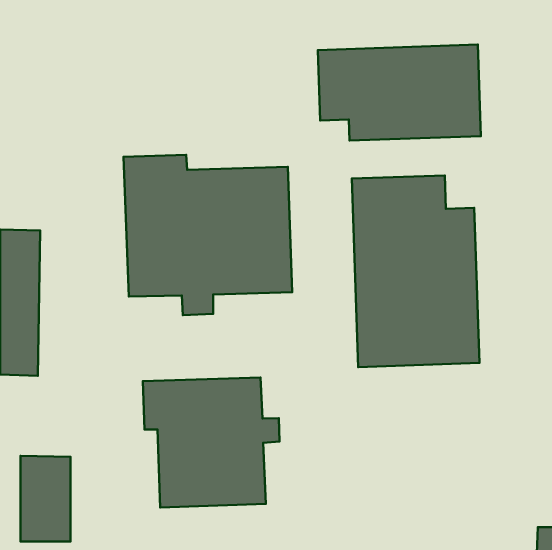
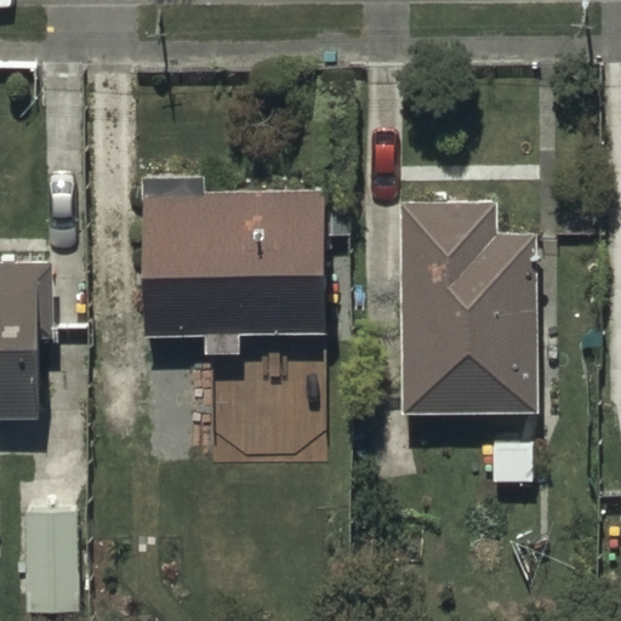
building: [318,44,481,141] -> none
building: [143,378,280,507] -> none

